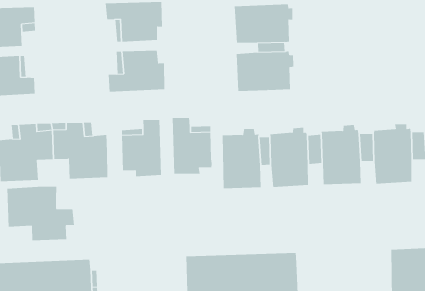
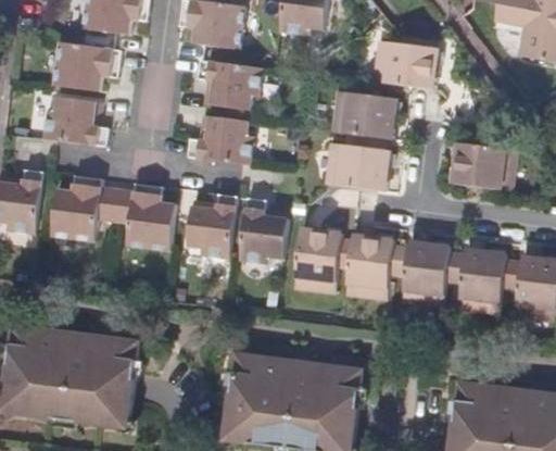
building: none -> [448,141,516,190]
building: [7,186,74,241] -> none

